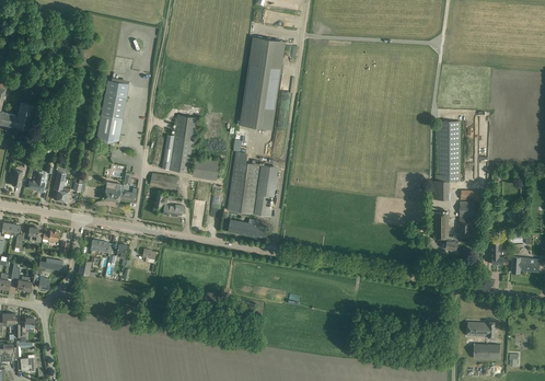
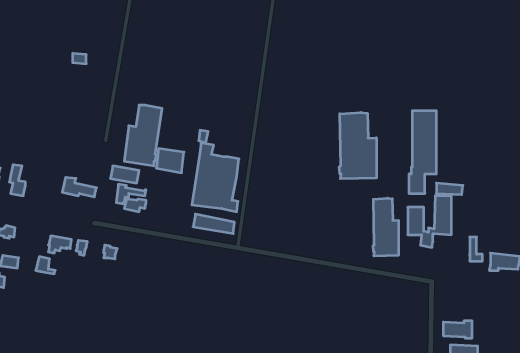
building: [239,36,285,129] -> none
building: [95,80,128,140] -> none
building: none -> [339,112,376,179]
building: none -> [373,198,398,256]

